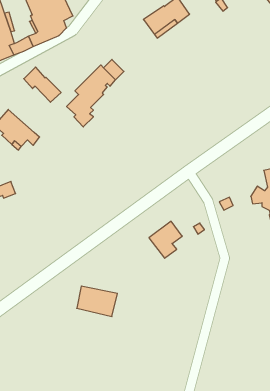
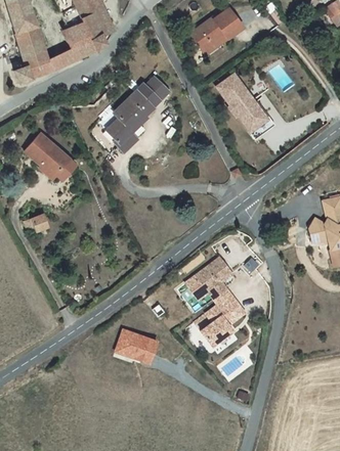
building: none -> [217,74,275,140]
building: [24,67,61,102] -> none
building: none -> [202,287,246,346]

